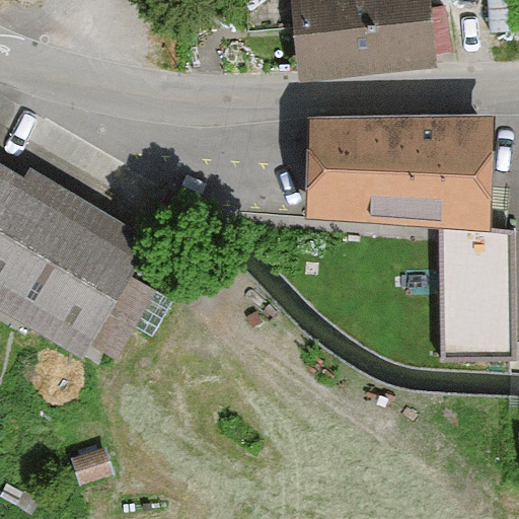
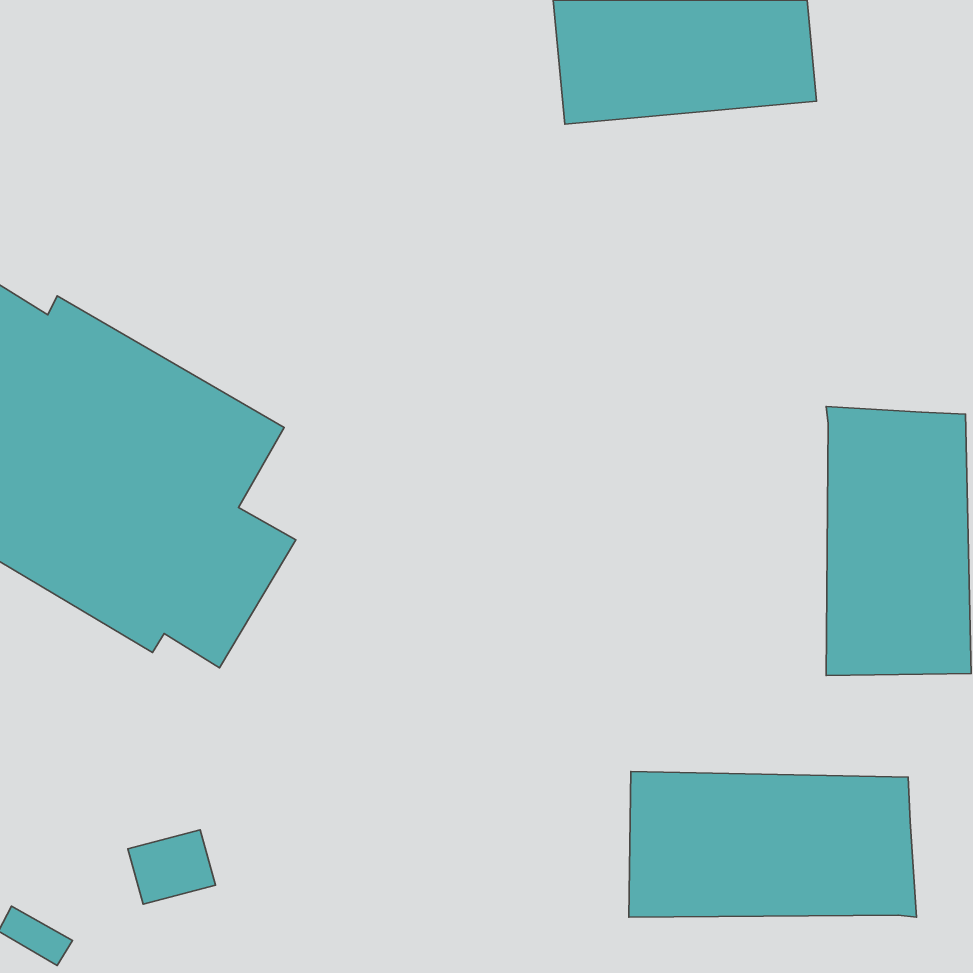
building: [305,122,491,226] -> none
building: none -> [629,772,916,917]

